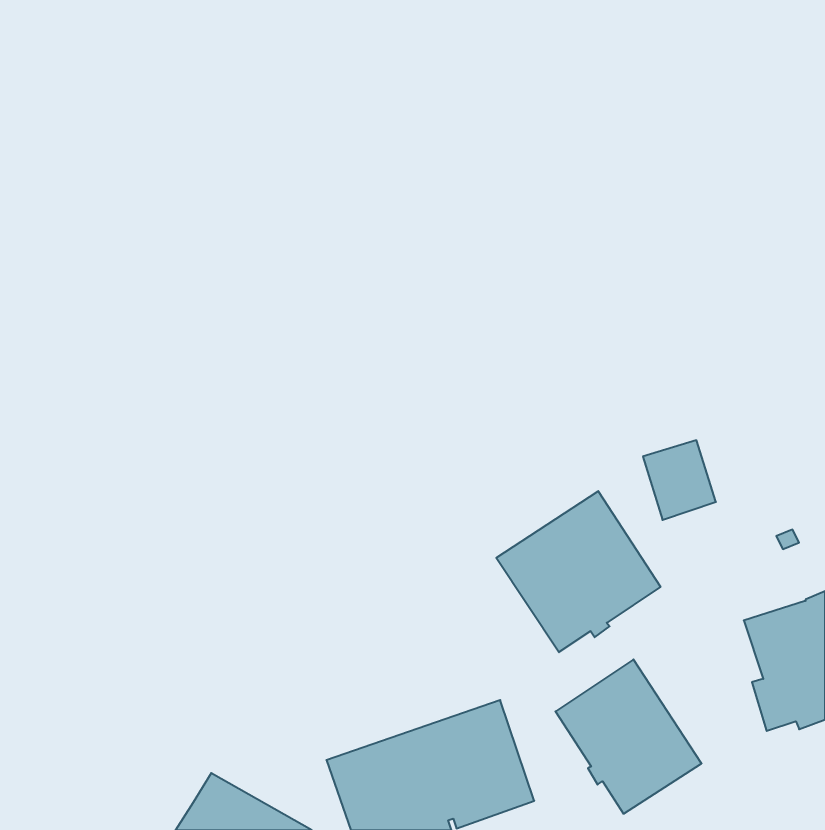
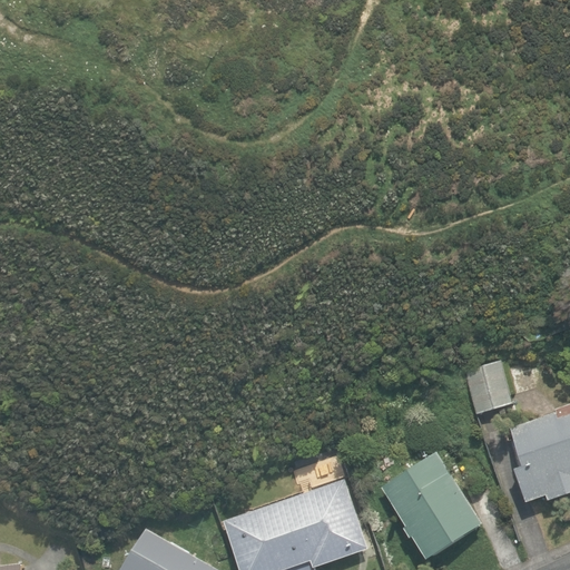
building: [643,440,716,520] -> [463,361,513,415]
building: [496,491,660,652] -> none

